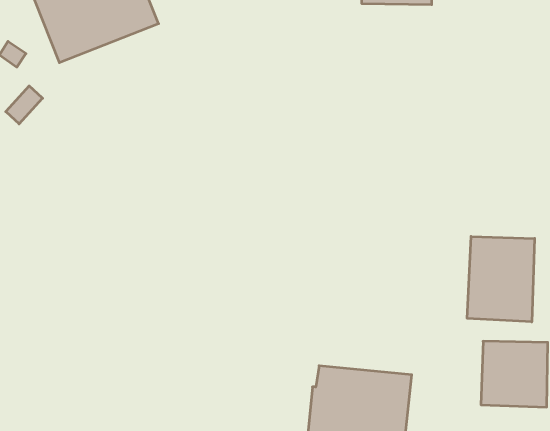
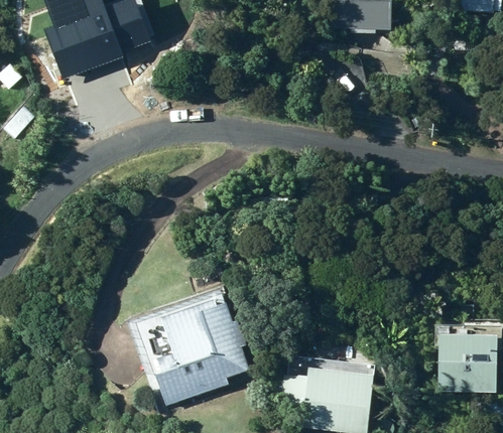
building: [467,236,535,322] -> none
building: none -> [143,297,250,405]

